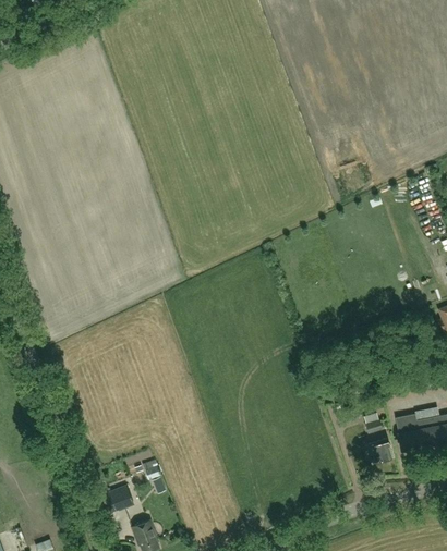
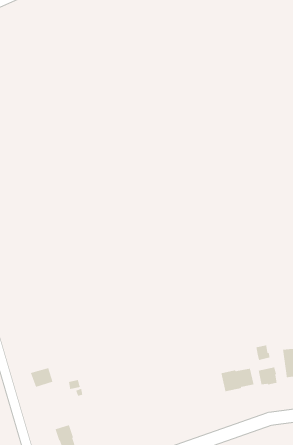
building: none -> [220,368,254,392]
building: [104,487,132,512] -> [30,367,53,388]

